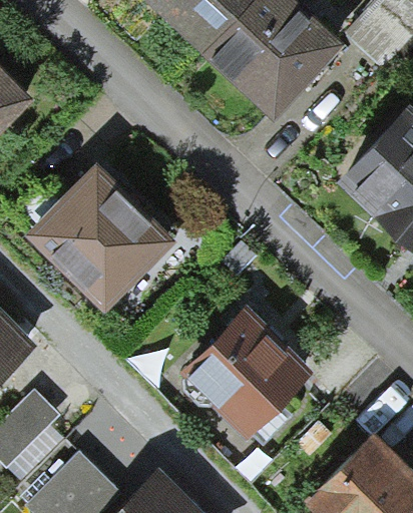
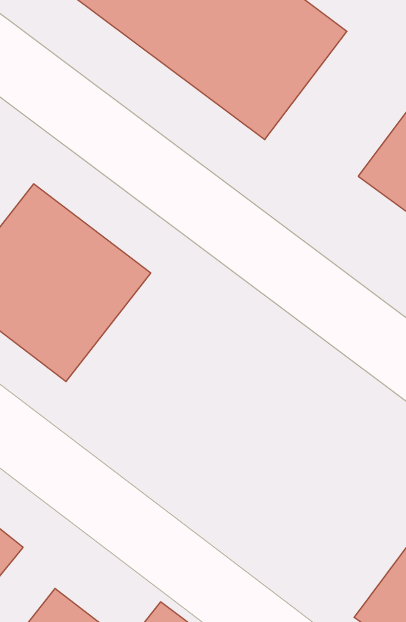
building: [179,306,313,439] -> none

